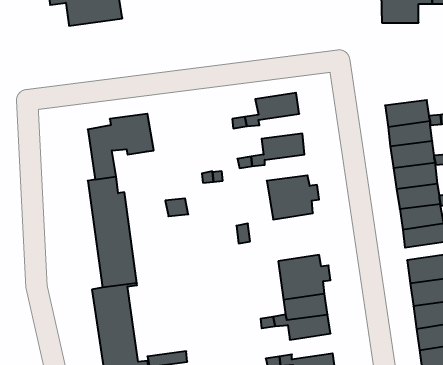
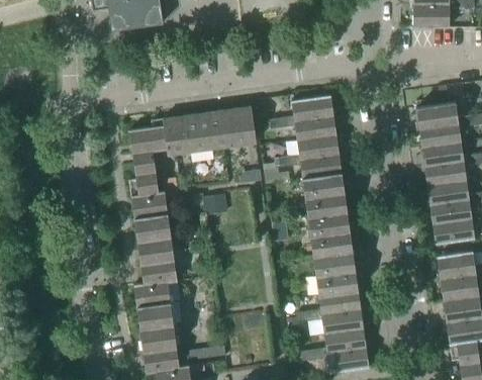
building: none -> [187,106,256,151]
building: none -> [294,115,336,139]
building: none -> [300,155,342,180]
building: none -> [308,211,358,258]
building: none -> [324,327,366,353]

